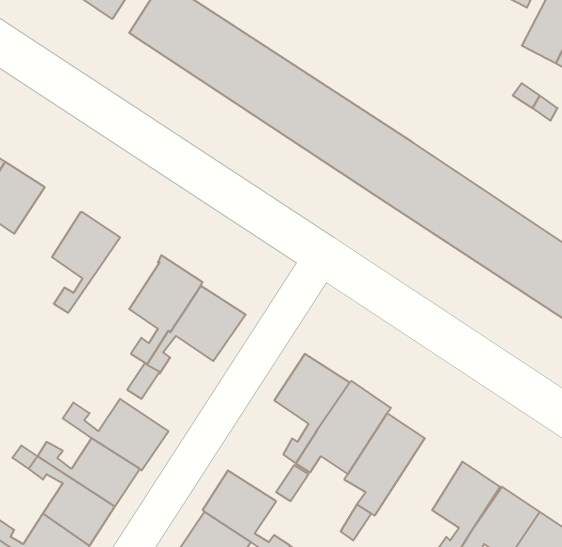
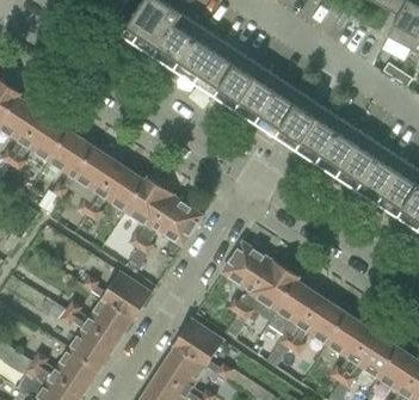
building: none -> [49,131,93,198]
building: none -> [85,165,146,221]
building: none -> [289,299,347,356]

